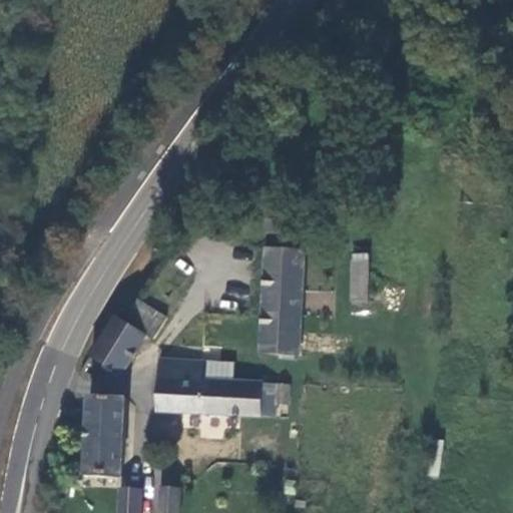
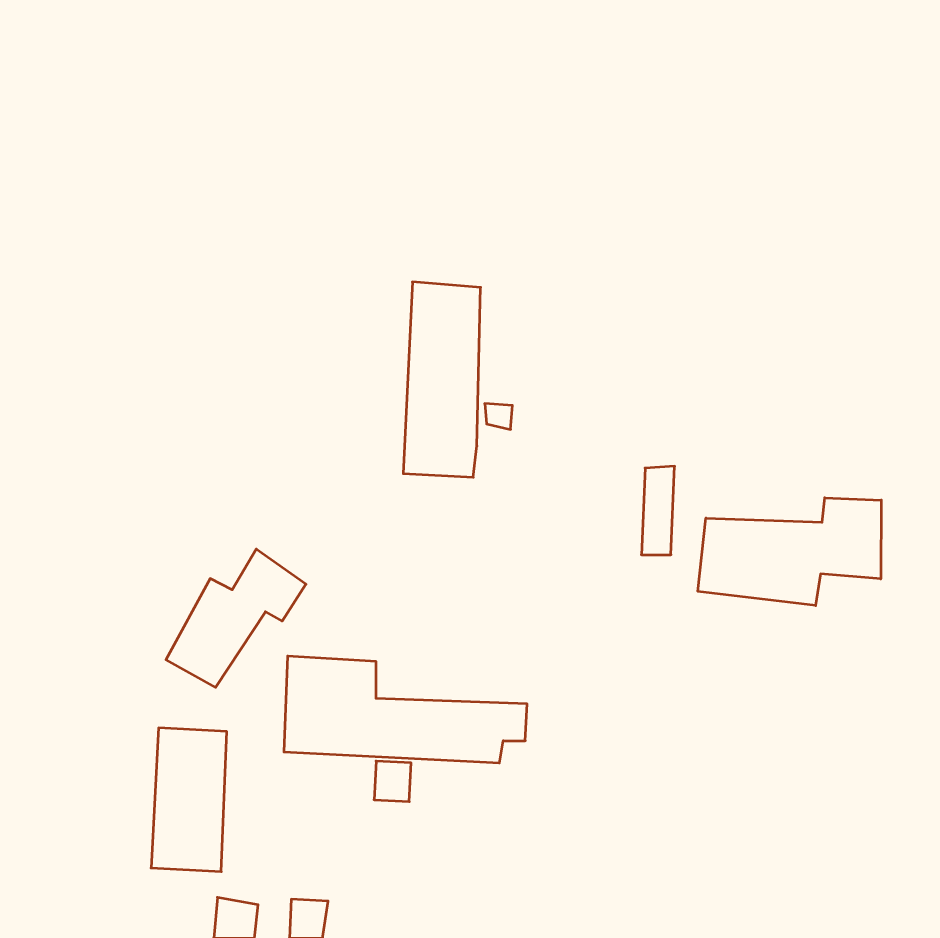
building: [261,246,303,353] -> [403,282,481,477]
building: none -> [698,498,881,606]

